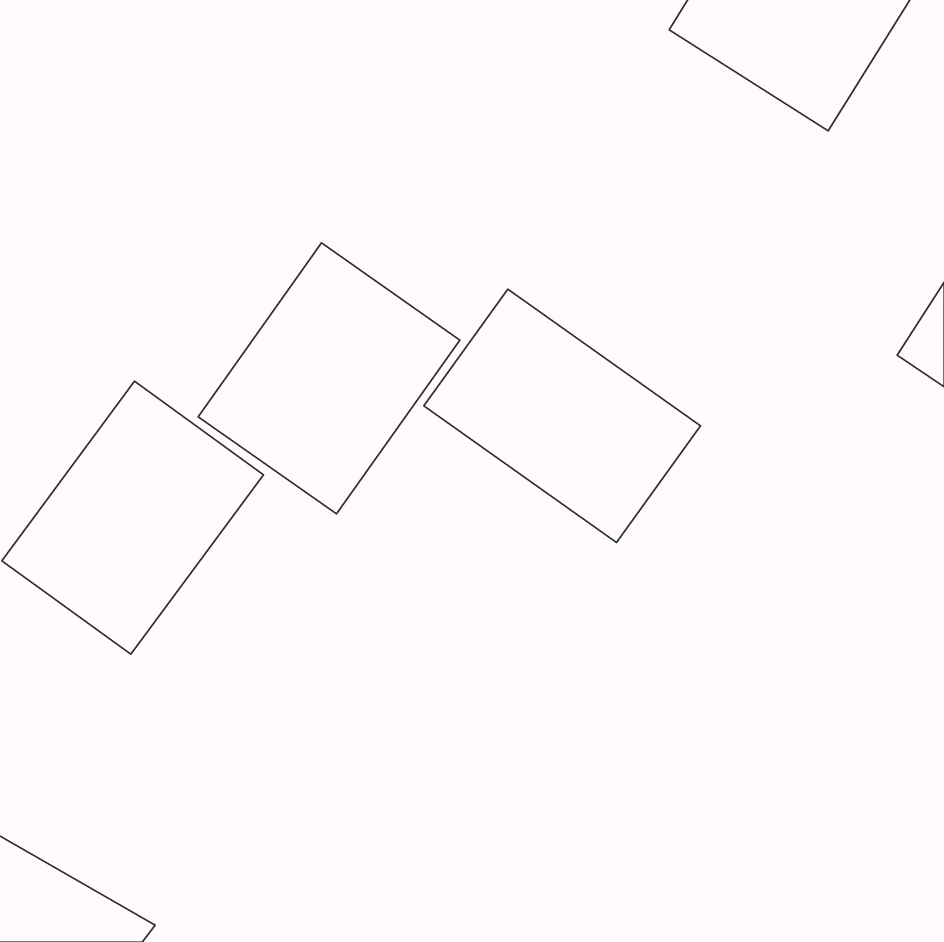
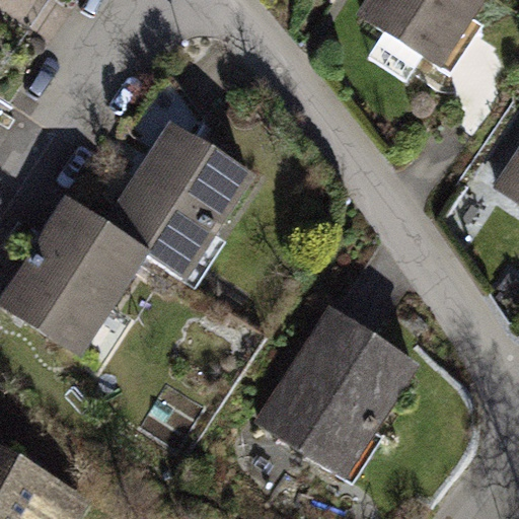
building: [424,289,700,542] -> none
building: none -> [251,301,422,479]

